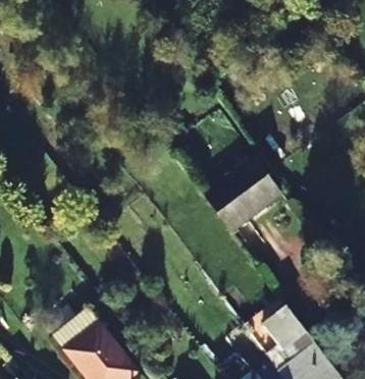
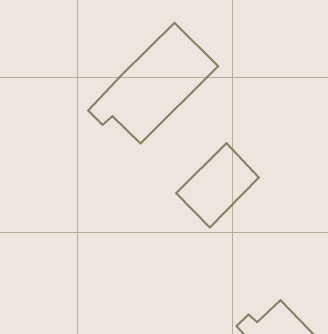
building: none -> [88,23,218,144]

